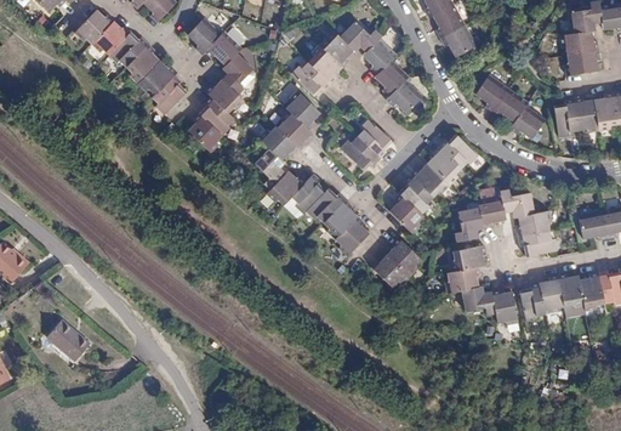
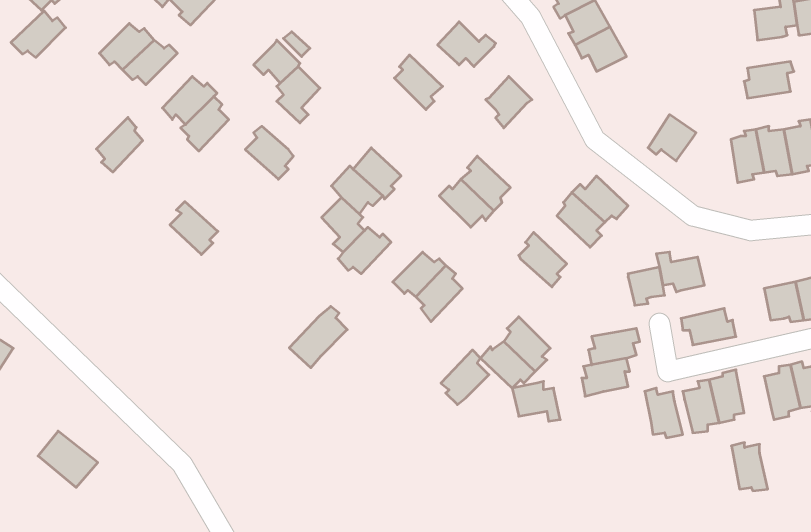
building: [74,8,114,42] -> [11,11,66,57]
building: [188,19,220,55] -> none
building: [319,28,354,67] -> none
building: [560,30,598,53] -> none
building: [363,38,397,75] -> none
building: [126,42,160,83] -> [96,117,143,172]
building: [291,61,331,96] -> none
building: [475,73,509,112] -> none
building: [206,78,246,113] -> none
building: [386,79,422,113] -> none
building: [286,92,321,130] -> none
building: [509,104,546,138] -> none
building: [188,113,223,152] -> [170,202,218,255]
building: [410,161,451,197] -> none
building: [284,174,326,219] -> [289,306,347,368]
building: [389,193,423,233] -> none
building: [455,206,484,242] -> none
building: [515,210,552,237] -> none
building: [335,215,370,255] -> [441,350,489,405]
building: [558,272,585,307] -> [731,443,768,491]
building: [461,285,496,314] -> [512,381,560,421]

